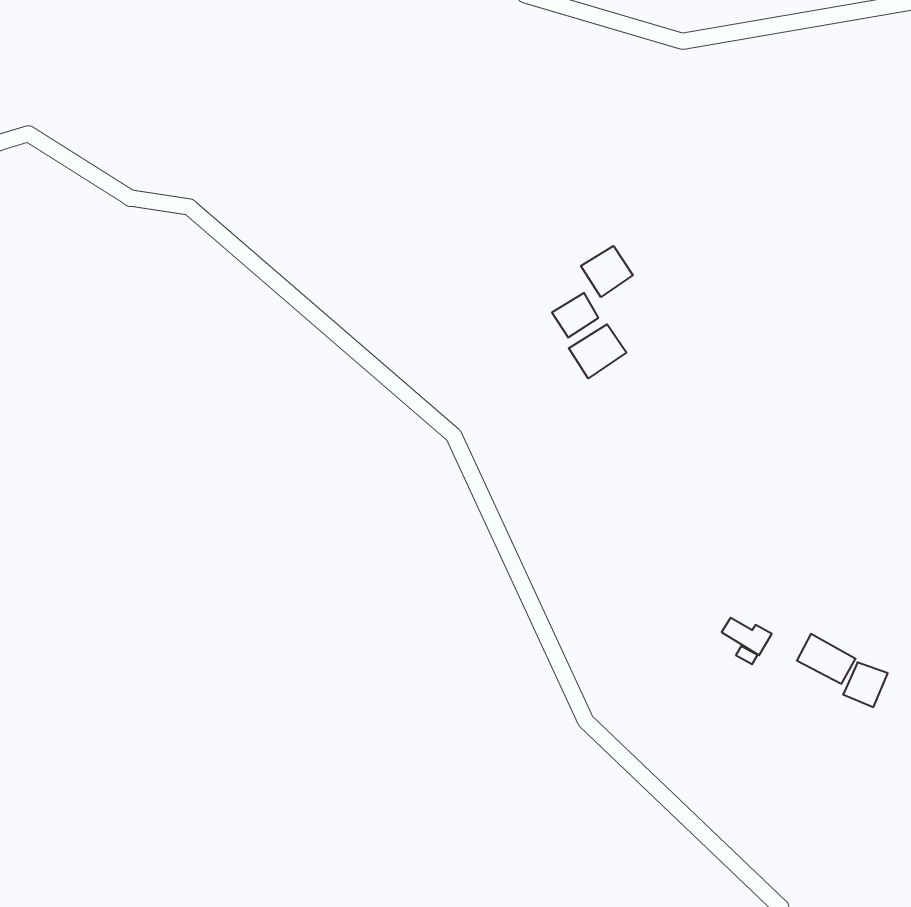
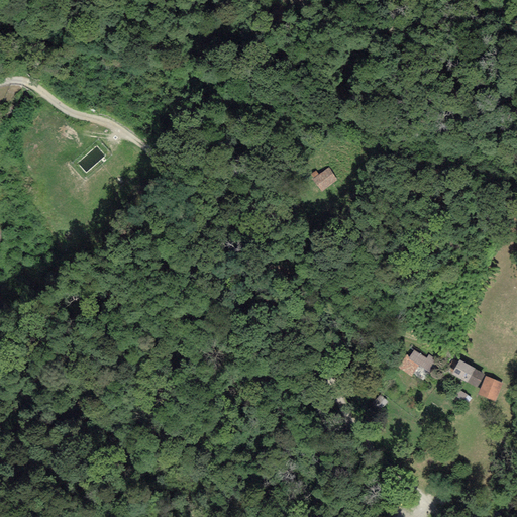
building: [581,246,633,297] -> none
building: [569,324,626,378] -> none

